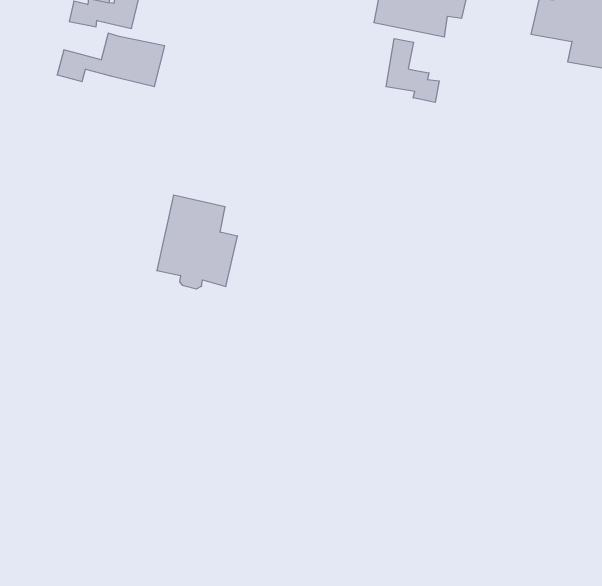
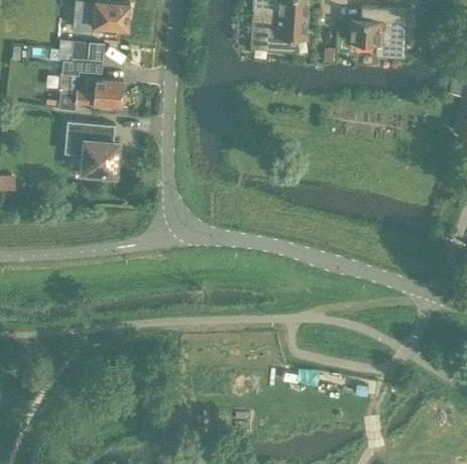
building: [386,39,439,102] -> none
building: [157,195,238,289] -> [70,123,117,180]

